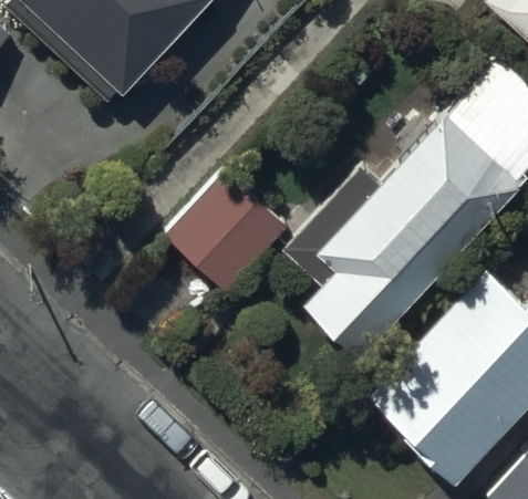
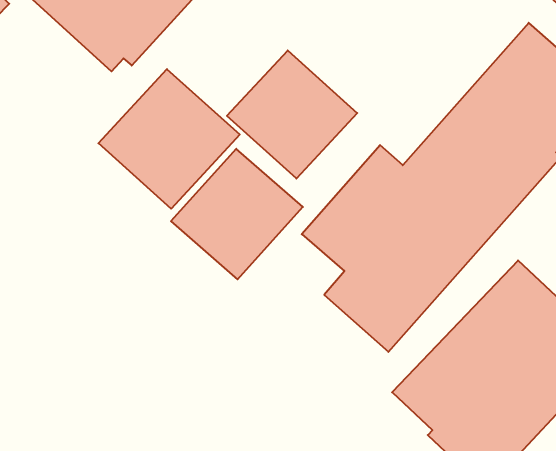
building: none -> [227,50,357,179]
building: none -> [98,69,240,209]

